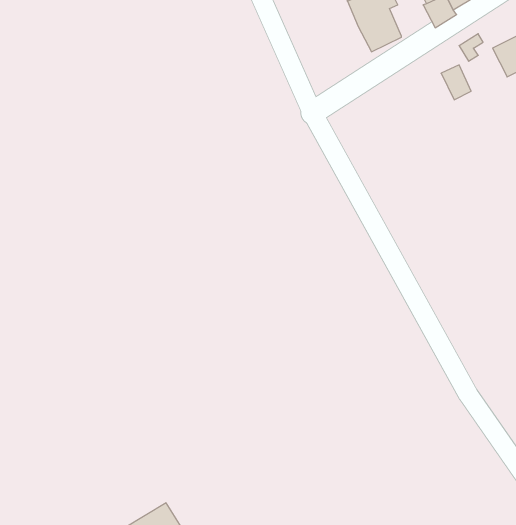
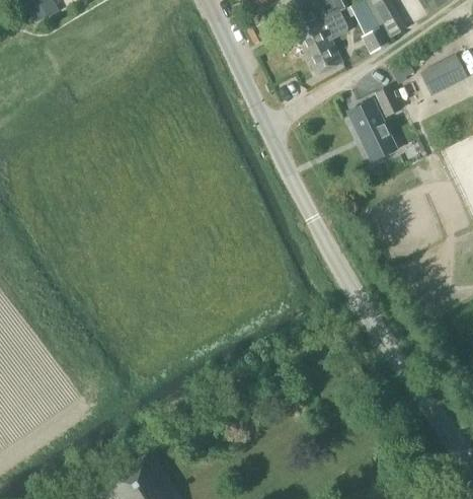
building: none -> [347,98,397,160]

